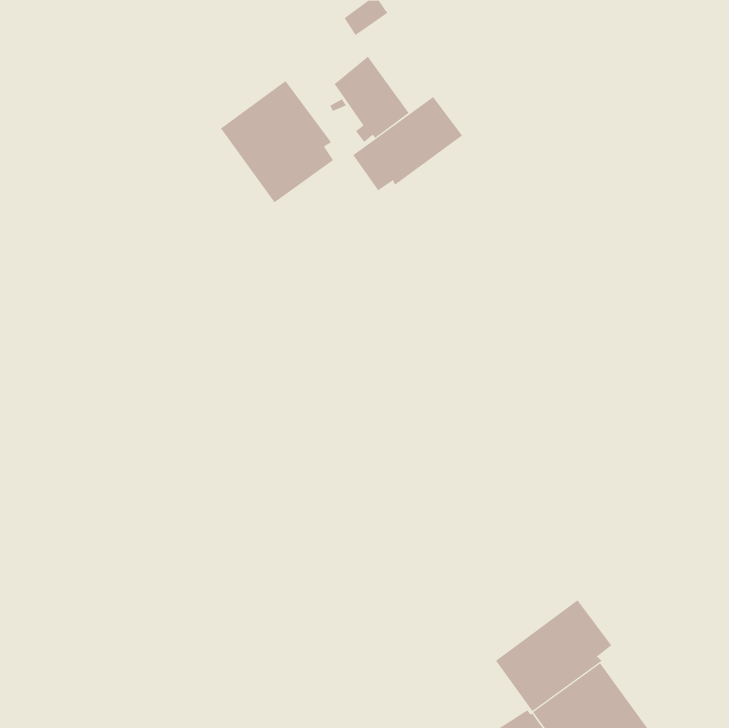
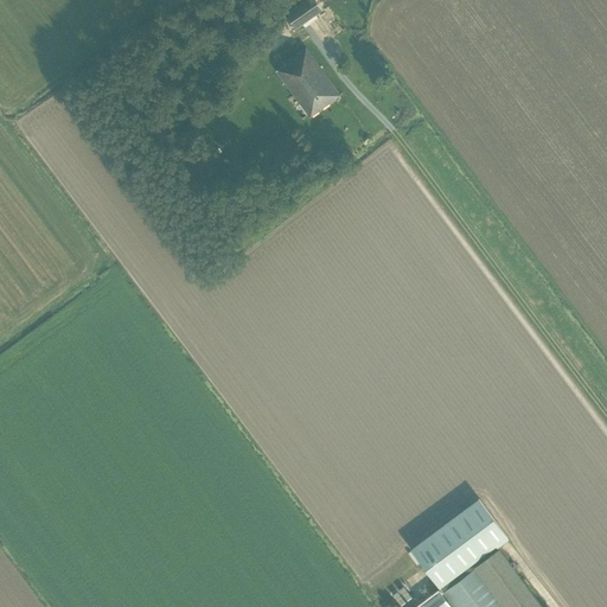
building: [220,80,334,203] -> none
building: [352,96,463,191] -> none

